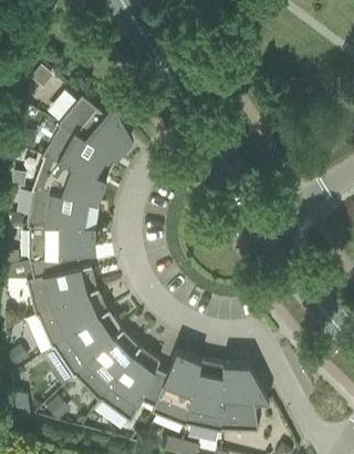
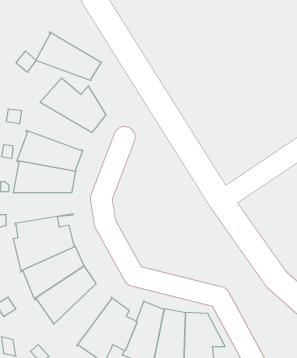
building: [42,123,117,178] -> [36,32,102,80]
building: [27,225,95,261] -> none
building: [73,328,139,401] -> none

